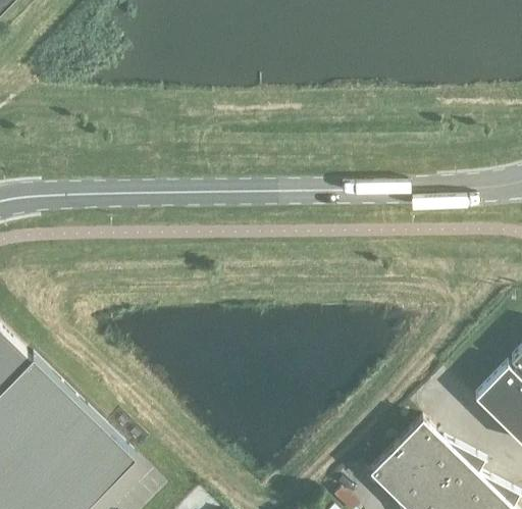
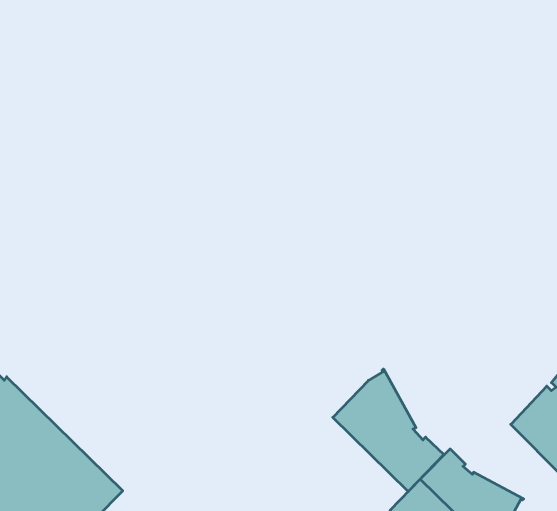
building: none -> [333,369,444,492]

